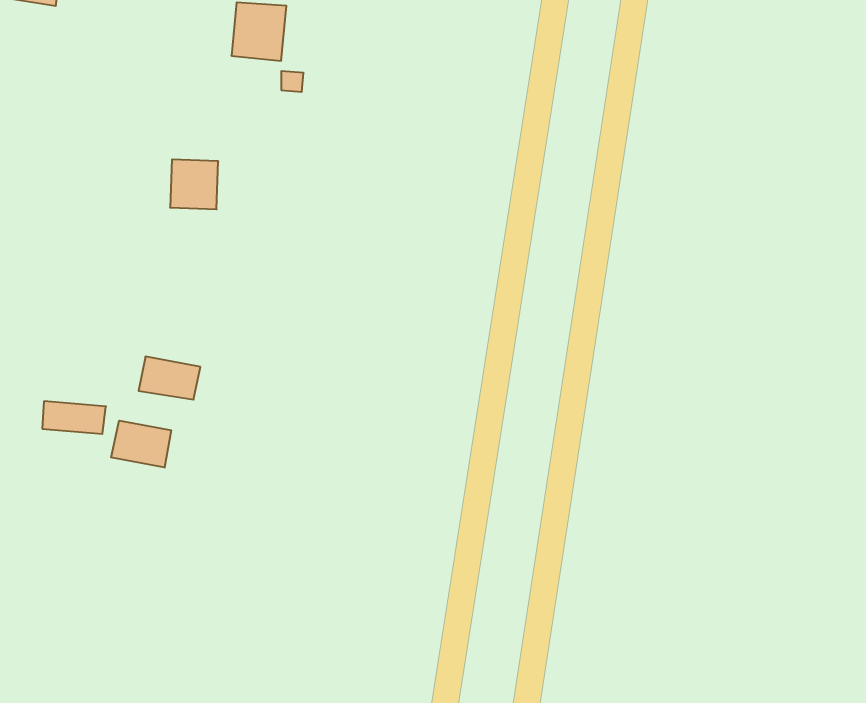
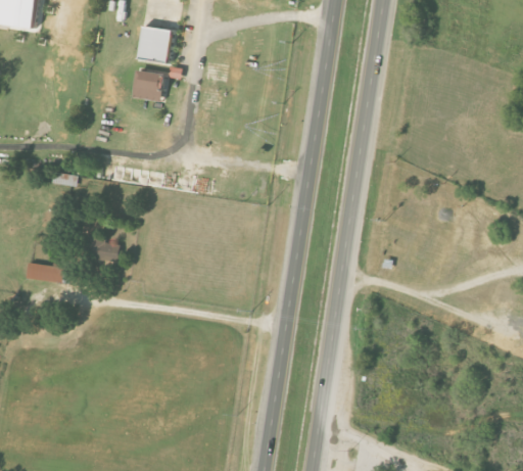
building: [170,159,218,209] -> [133,70,161,100]
building: [111,421,171,468] -> none

